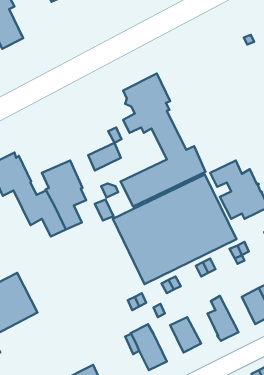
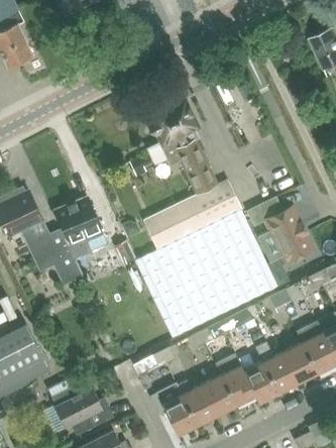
building: [88,143,121,170] -> none
building: none -> [257,346,298,393]
building: none -> [215,354,255,406]
building: none -> [47,378,113,436]
building: none -> [177,380,216,426]

